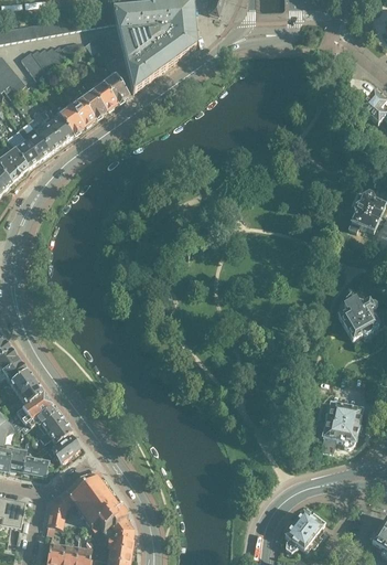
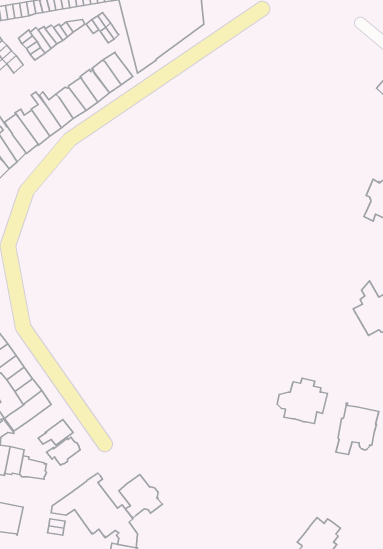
building: none -> [277,378,327,423]
building: [28,405,63,431] -> none
building: none -> [119,474,162,518]

